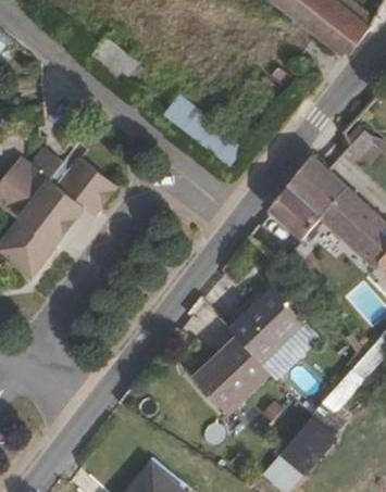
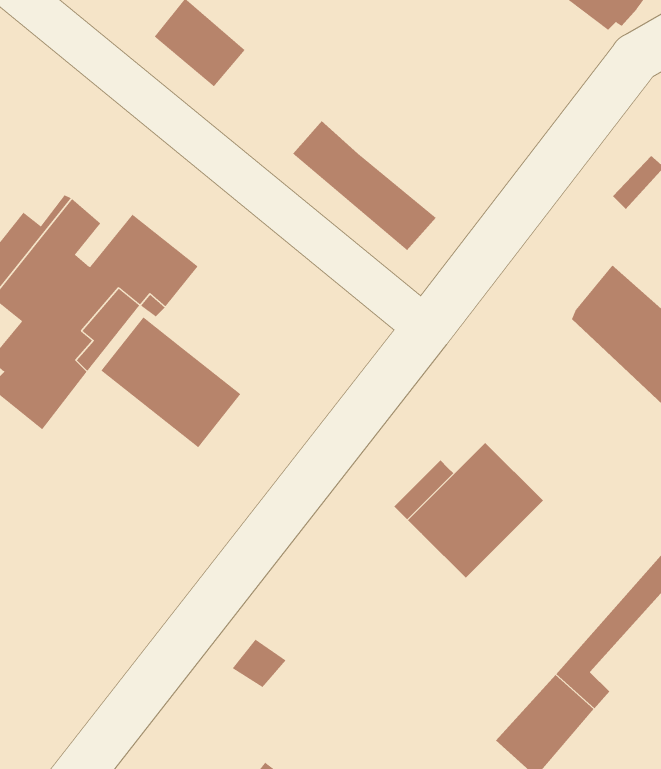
building: [270,154,346,239] -> none
building: none -> [101,316,241,448]
building: [195,336,274,413] -> none

